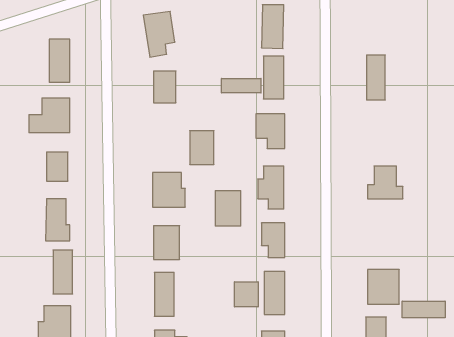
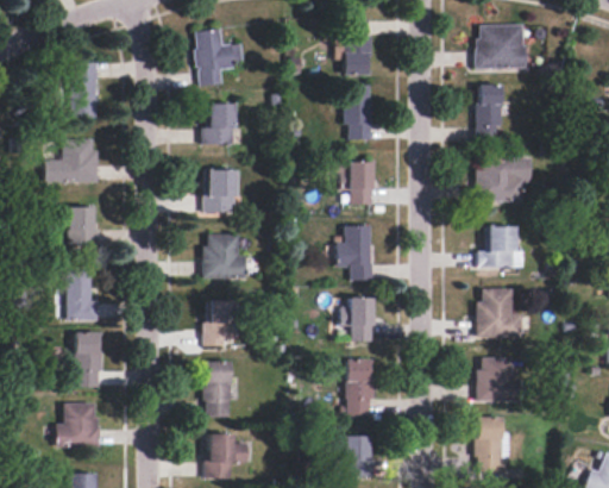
building: none -> [476,24,526,67]
building: [222,78,261,93] -> none
building: none -> [477,157,532,200]
building: [190,131,214,164] -> [205,169,236,212]
building: [215,191,241,226] -> none
building: none -> [477,288,522,337]
building: [235,282,258,307] -> none
building: [402,301,445,318] -> none

